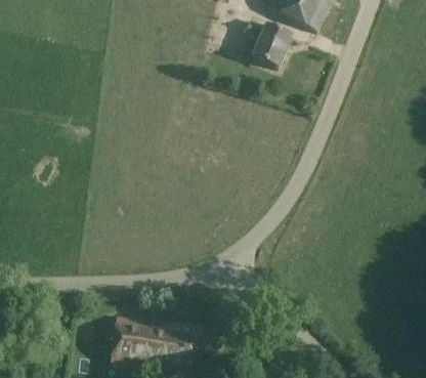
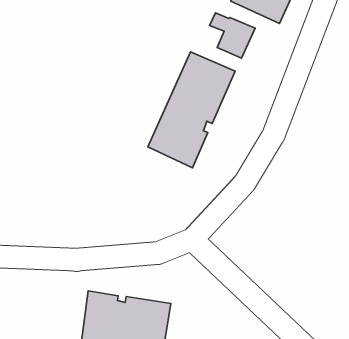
building: none -> [148,52,235,168]

